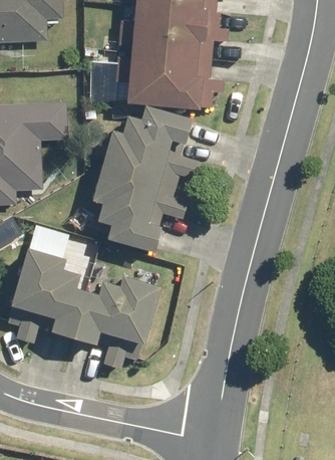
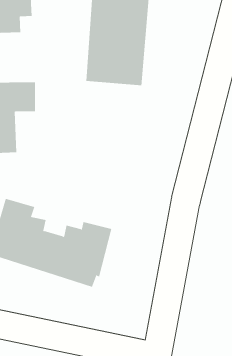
building: [94,107,191,251] -> none

